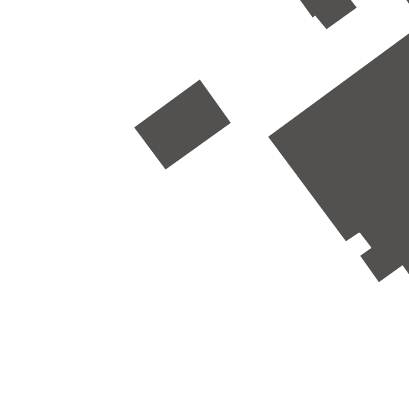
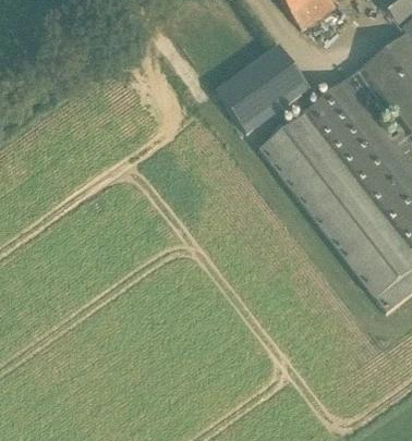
building: [133,79,232,171] -> [215,44,310,132]

